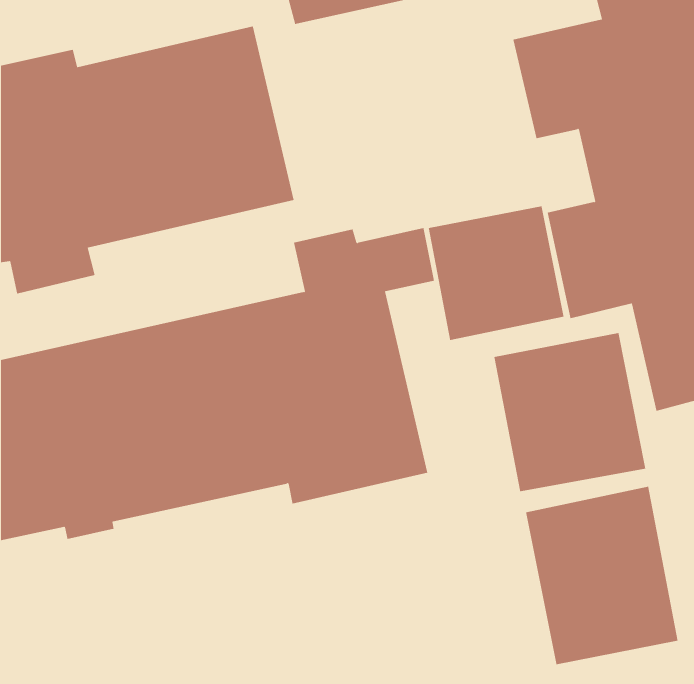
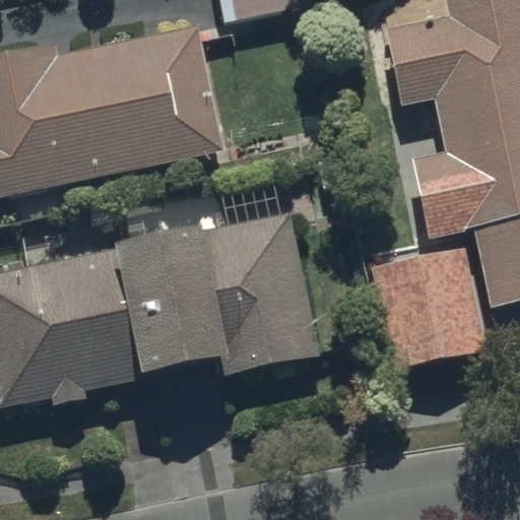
building: [428,205,564,341] -> none
building: [525,486,678,665] -> none

